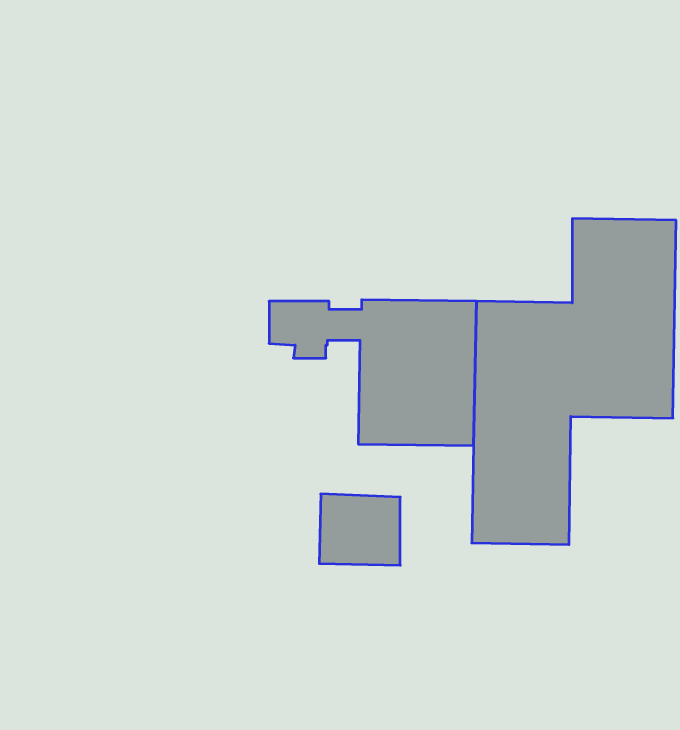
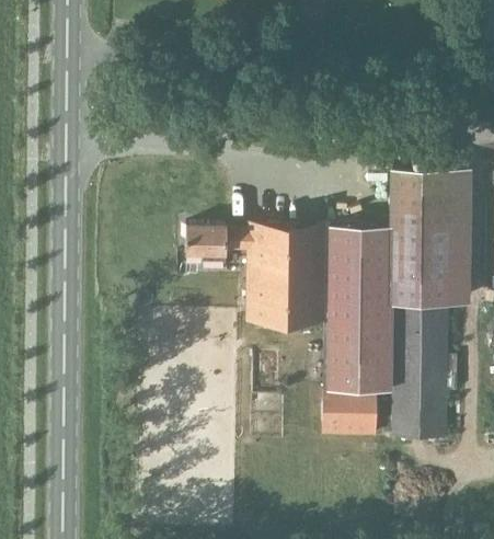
building: none -> [393,308,451,441]
building: [319,494,400,565] -> [324,392,379,440]

